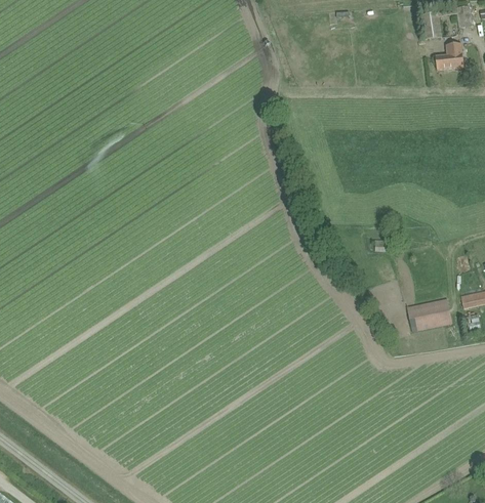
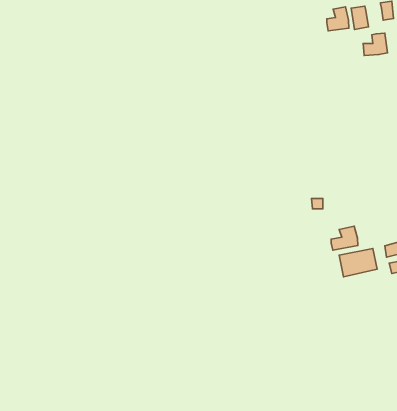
building: none -> [327,7,349,31]
building: none -> [331,226,358,250]

